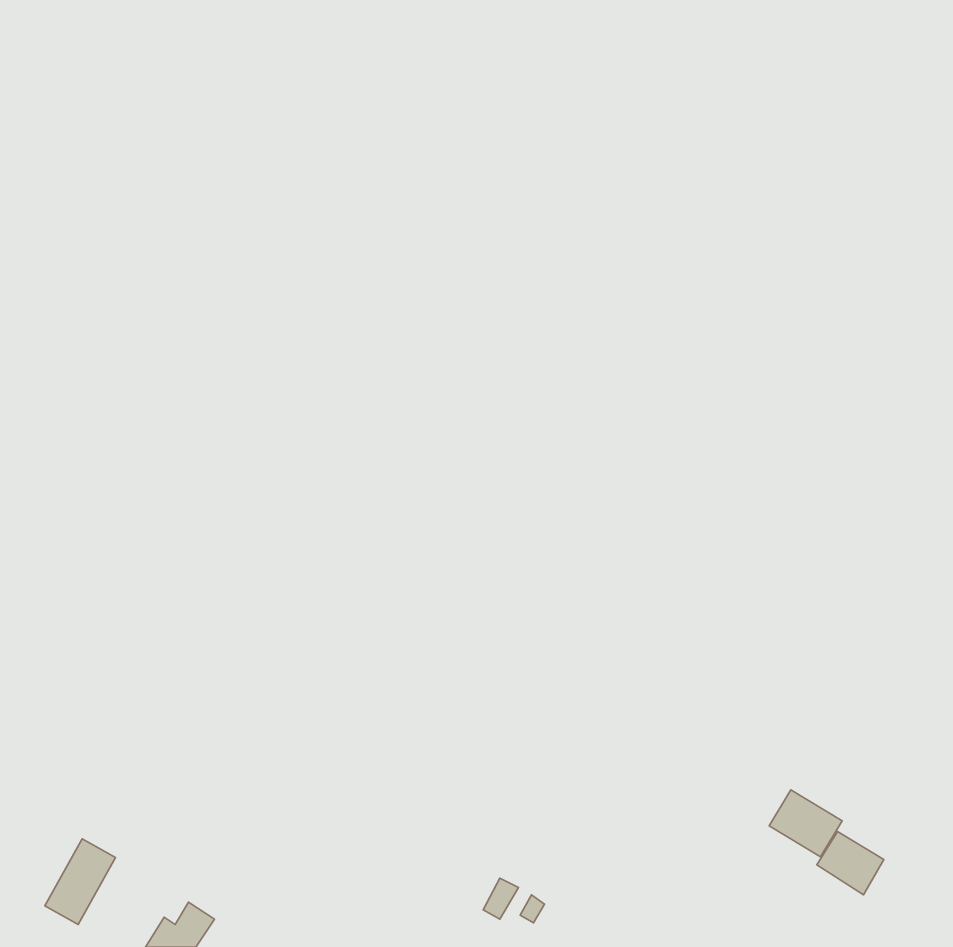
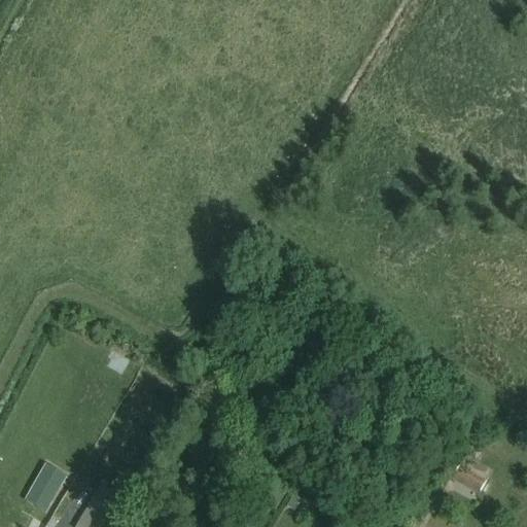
building: [769,790,842,857] -> none

